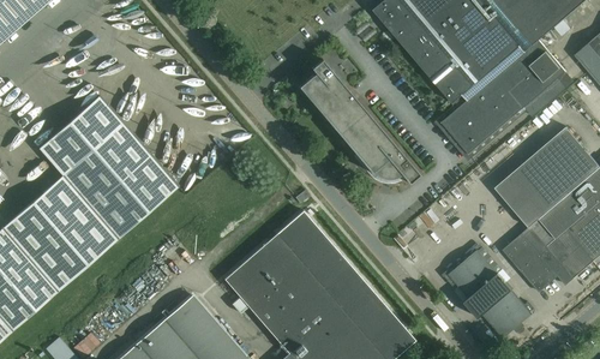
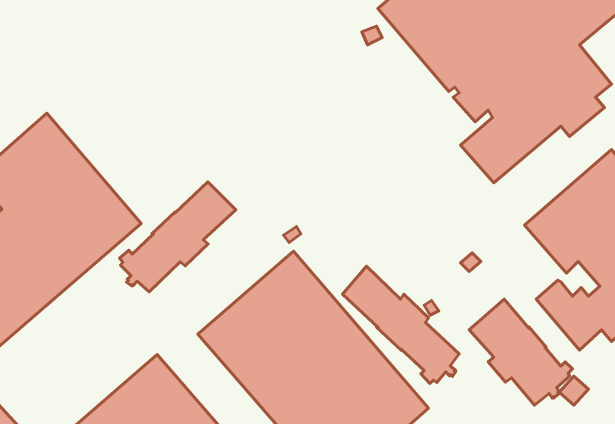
building: [299,59,420,184] -> none
building: none -> [119,182,236,292]
building: none -> [343,266,459,383]

